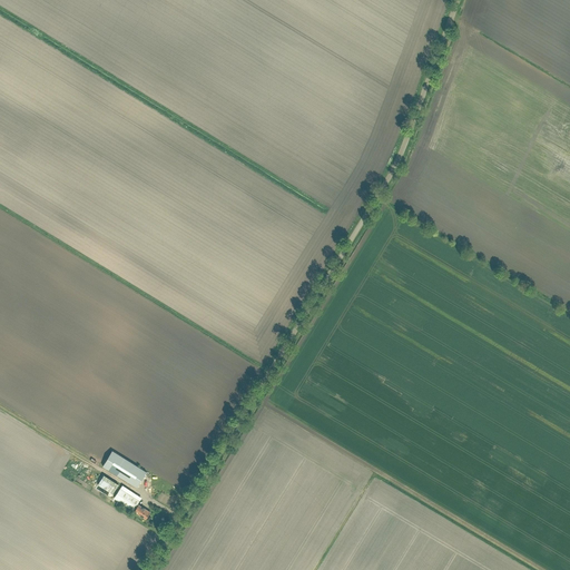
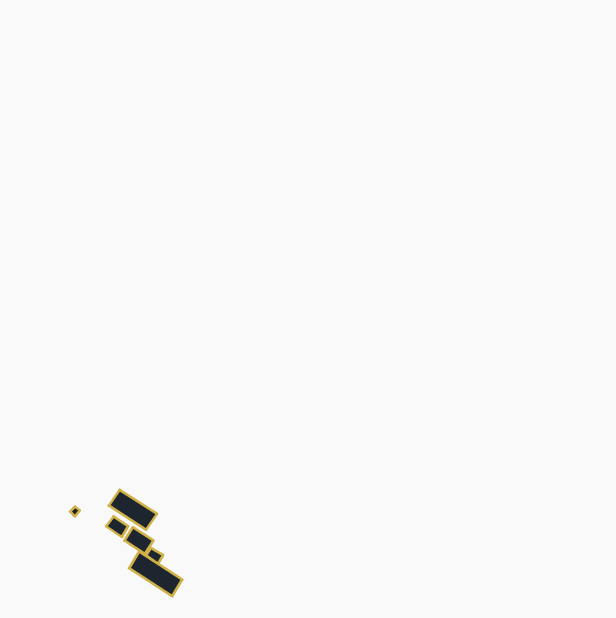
building: none -> [129,552,182,596]

